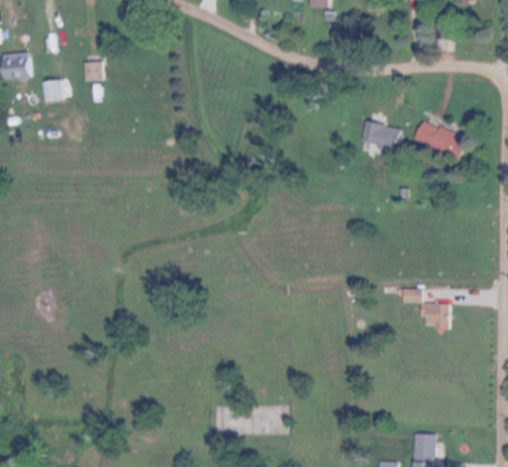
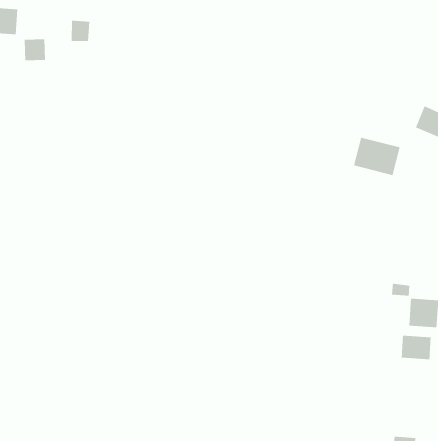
building: [362,119,405,154] -> [353,137,400,176]
building: none -> [401,335,431,360]

